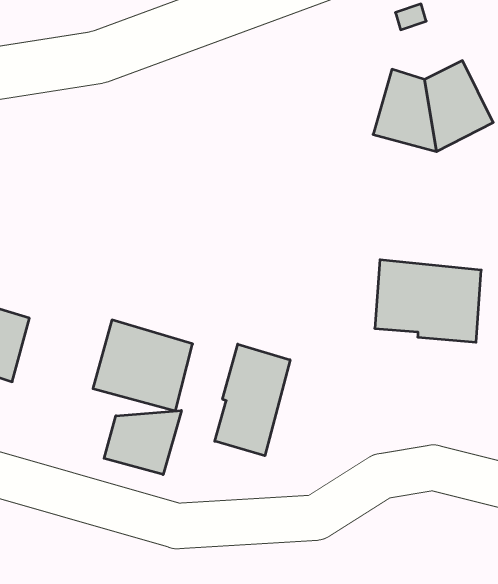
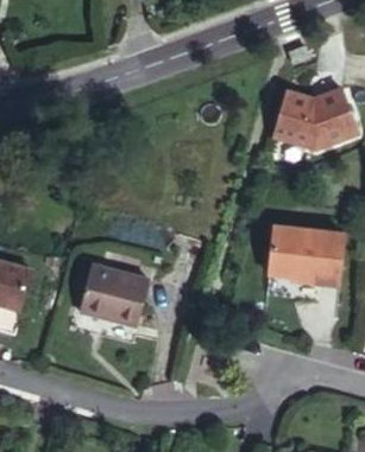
building: [215,344,290,456] -> none
building: [104,410,181,475] -> none

